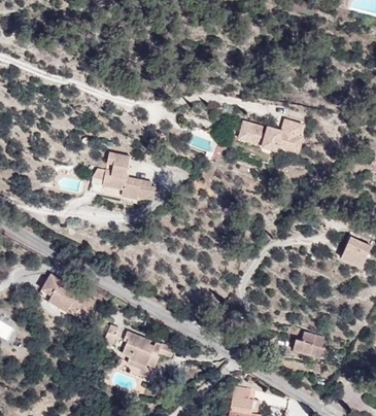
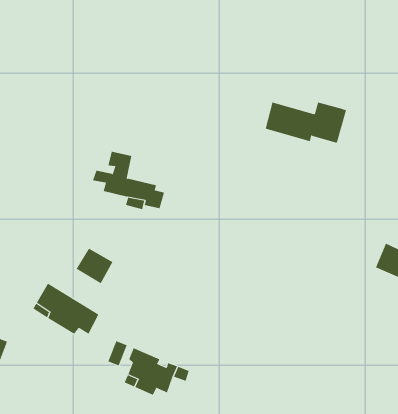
building: none -> [76,248,113,284]
building: [289,333,322,359] -> none

